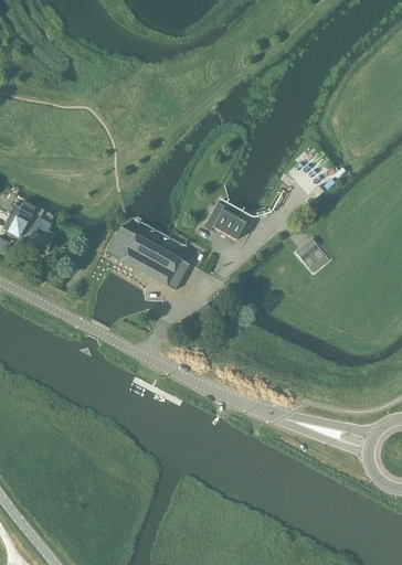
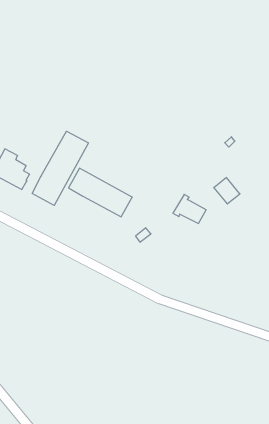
building: none -> [32,131,88,205]
building: [205,201,248,238] -> [173,194,206,223]

